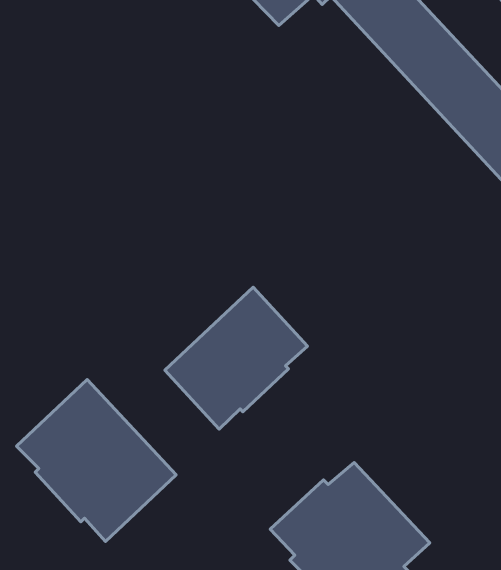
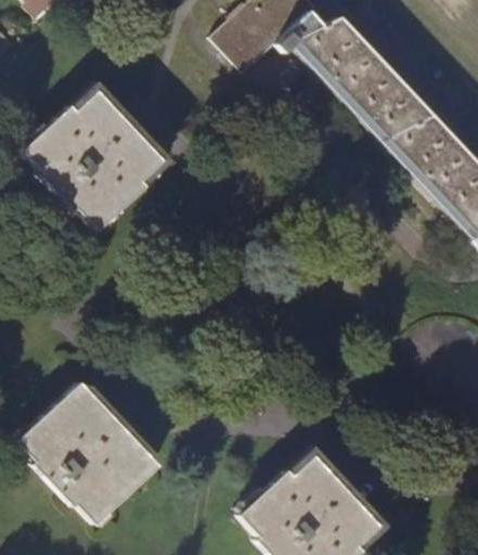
building: none -> [26,90,165,229]
building: [165,287,308,429] -> none

